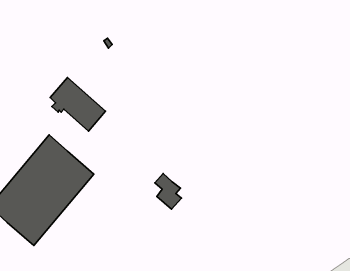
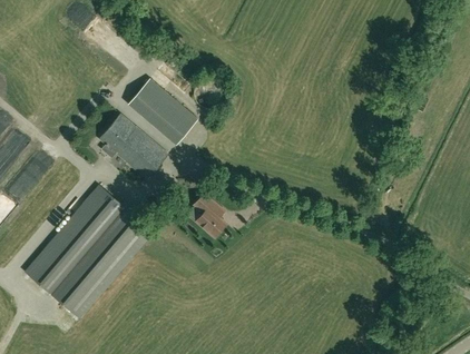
building: none -> [127,78,196,148]
building: [155,174,181,209] -> [194,194,226,237]

